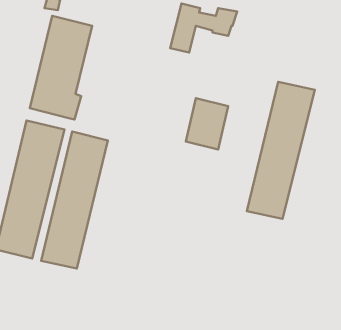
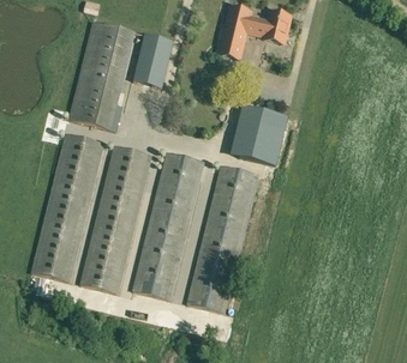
building: none -> [133,34,176,87]
building: [247,82,315,219] -> [188,165,262,313]
building: none -> [134,151,207,300]

